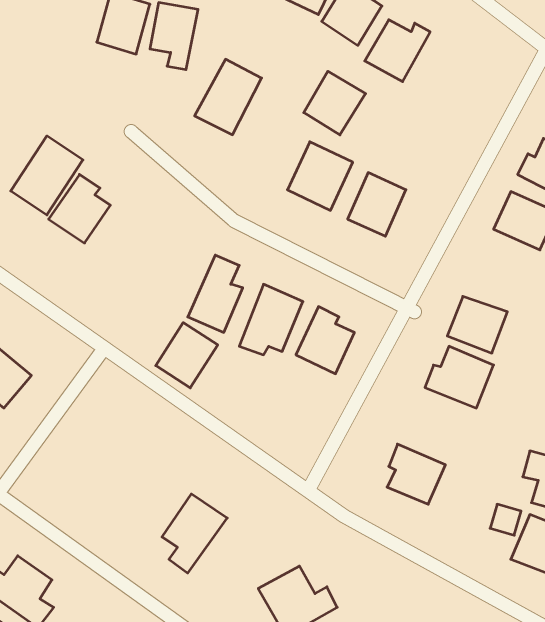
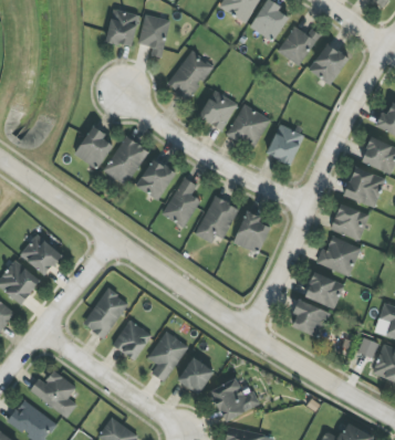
building: none -> [308,42,349,85]
building: [304,71,366,135] -> [198,90,238,130]
building: [11,136,83,215] -> [102,135,148,186]
building: none -> [344,167,384,206]
building: [156,323,218,388] -> [135,158,175,200]
building: none -> [303,272,344,308]
building: none -> [82,287,127,338]
building: none -> [112,319,150,360]
building: none -> [177,357,214,394]

